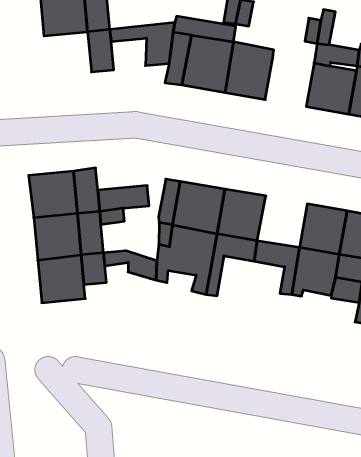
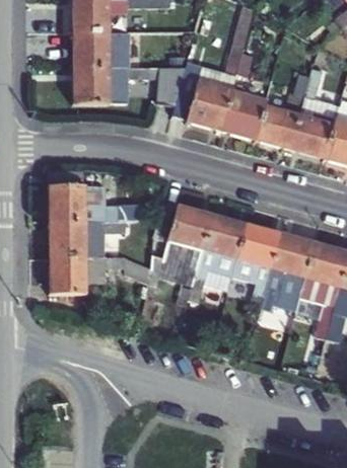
building: none -> [72,68,110,102]
building: none -> [256,103,300,149]
building: none -> [237,222,283,268]

